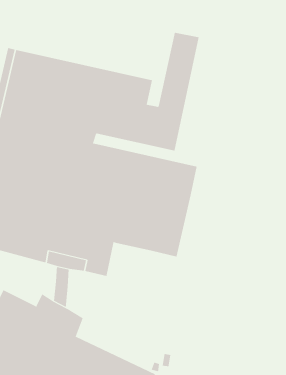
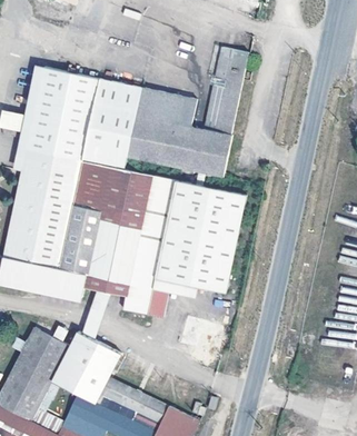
building: none -> [146,276,194,315]

